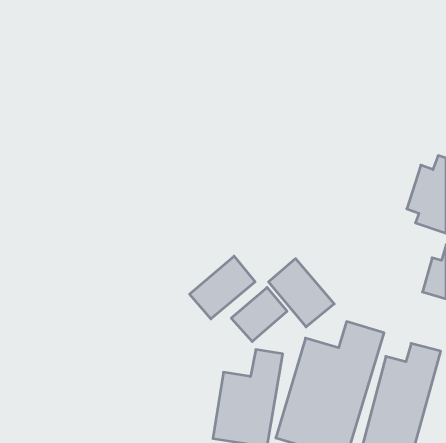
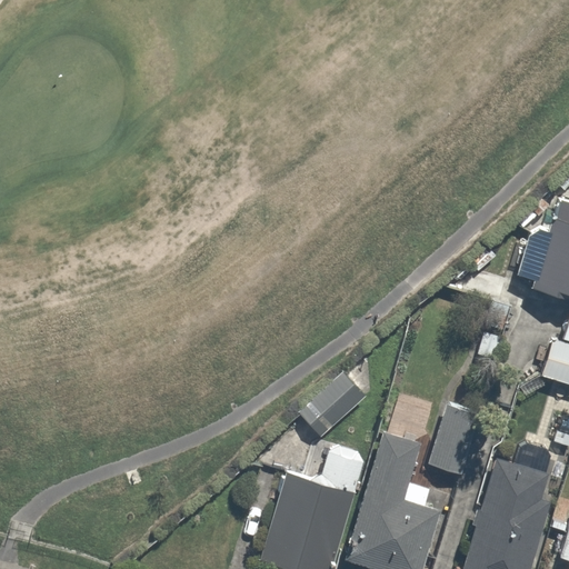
building: [190,256,255,319] -> none
building: [269,259,334,327] -> none

